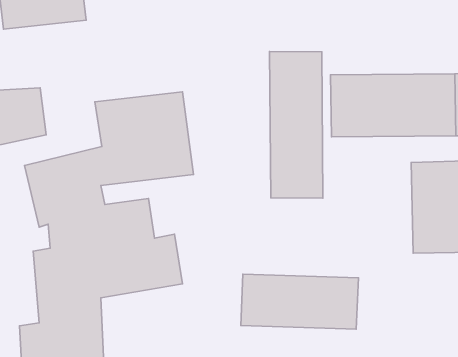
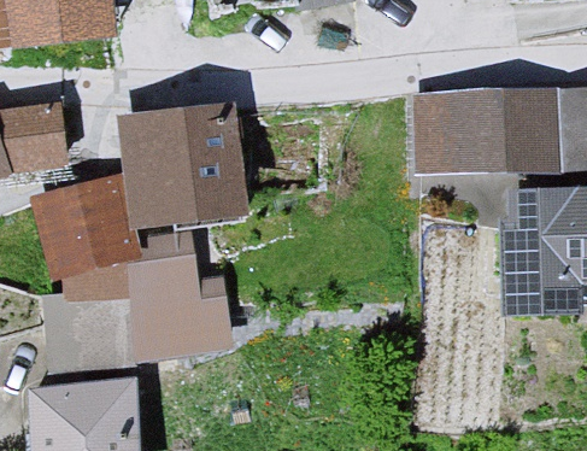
building: [270,52,323,198] -> none
building: [241,274,358,329] -> none

